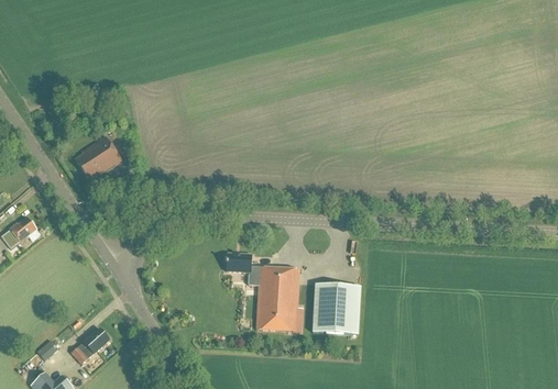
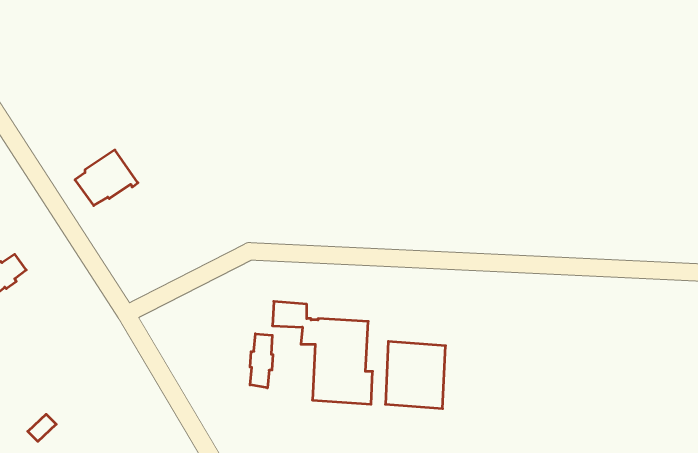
building: none -> [250,334,273,388]
building: [74,327,110,364] -> none

